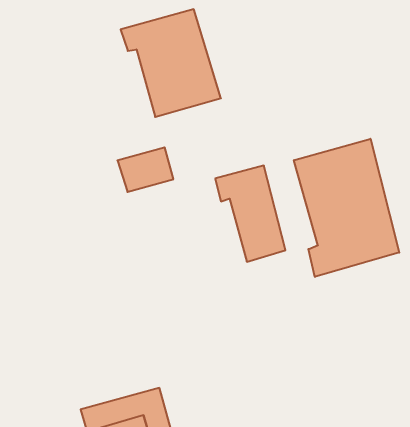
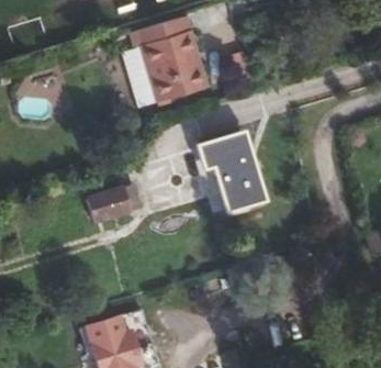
building: [294,139,399,277] -> none
building: [117,147,173,192] -> [98,185,141,219]

